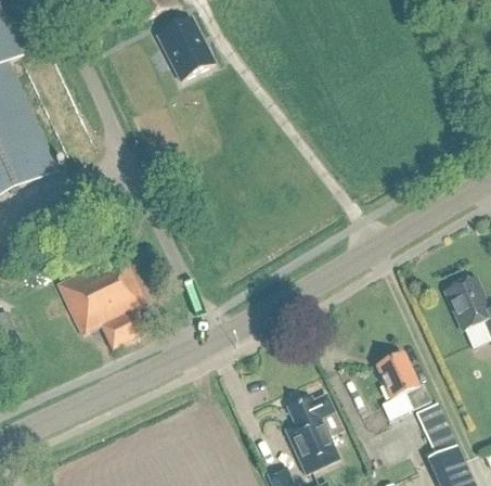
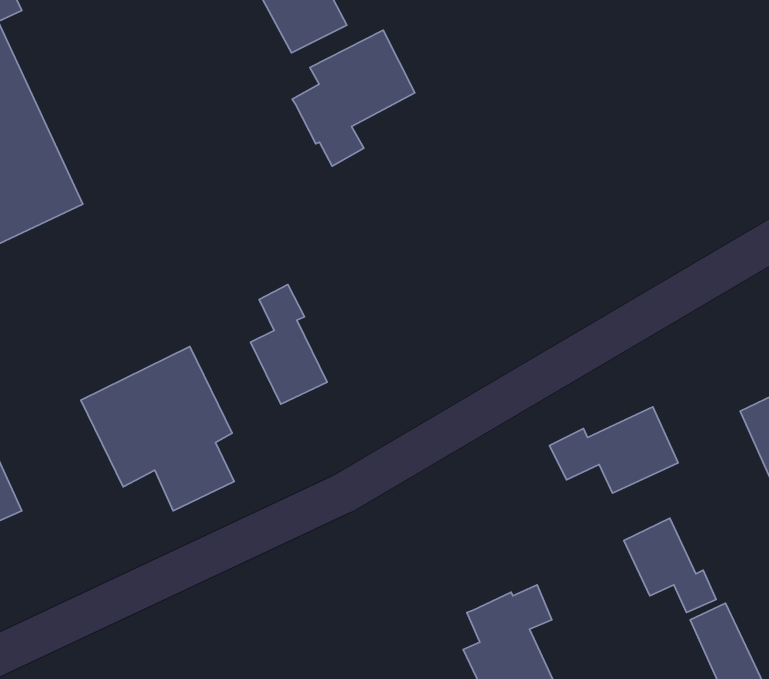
building: none -> [292,30,415,166]
building: none -> [250,284,327,404]
building: none -> [549,407,678,493]

